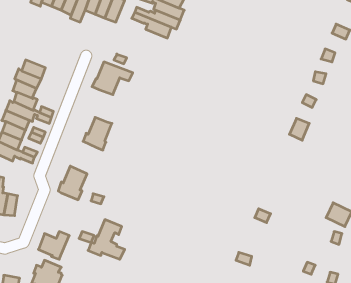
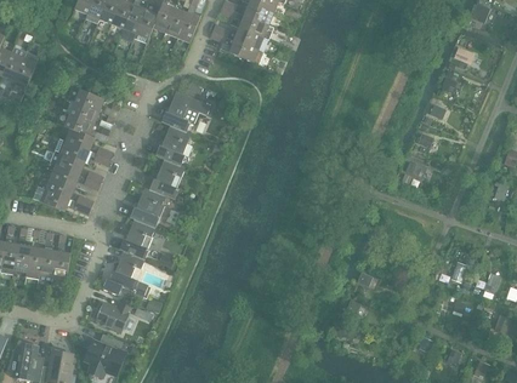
building: none -> [154,124,191,164]
building: none -> [129,185,165,227]
building: [88,220,125,259] -> [102,250,147,298]

